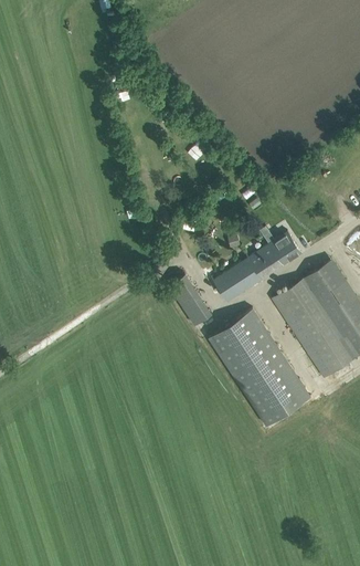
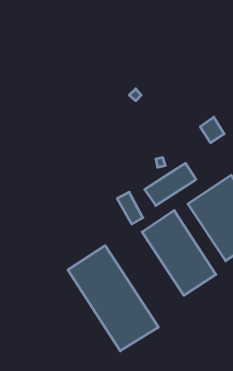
building: [268,230,301,265] -> [200,117,224,143]
building: none -> [68,246,158,351]

